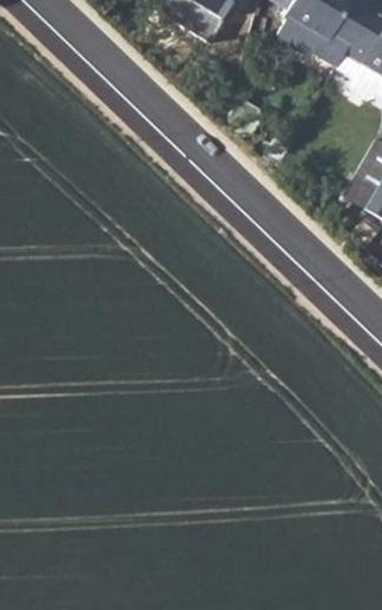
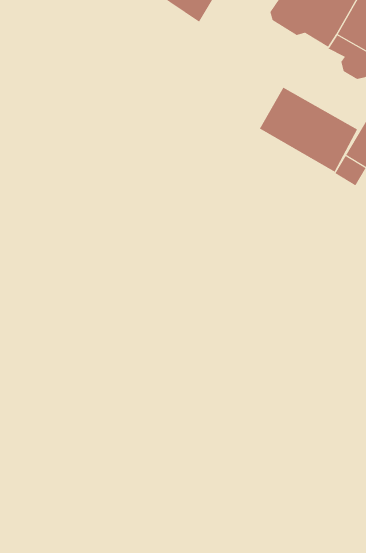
building: none -> [259,87,358,172]

